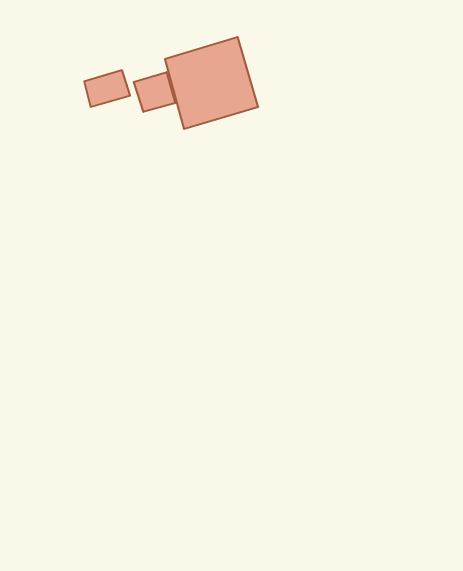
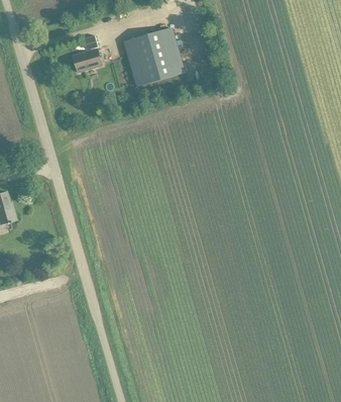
building: [134,72,175,112] -> none

